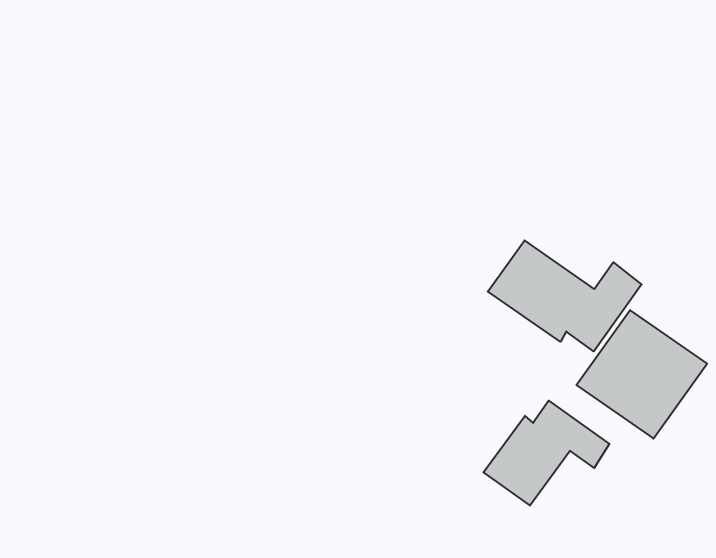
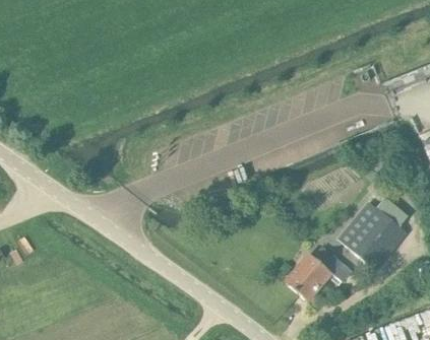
building: [488,240,642,351] -> none

